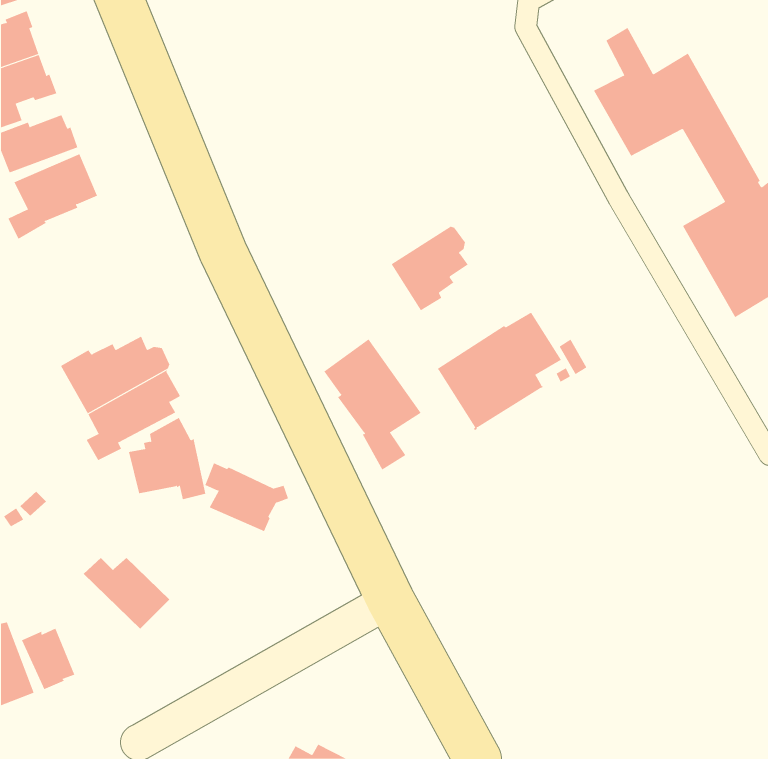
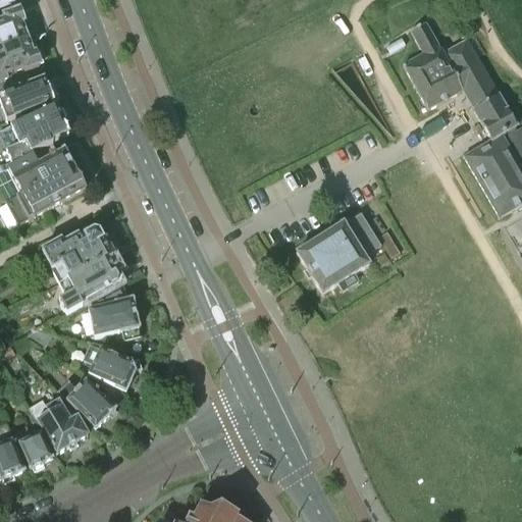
building: none -> [6,149,86,222]
building: [391,226,469,311] -> none
building: [324,338,422,471] -> none
building: [204,462,289,532] -> [85,342,142,388]
building: none -> [29,396,89,451]

